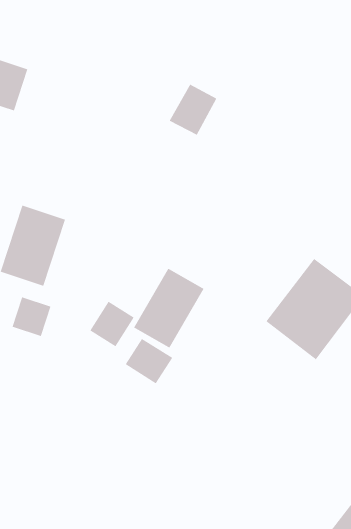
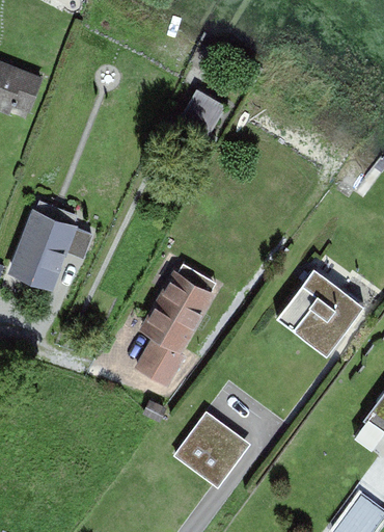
building: [12,296,51,337] -> none
building: [90,301,134,347] -> none
building: none -> [171,410,243,482]

